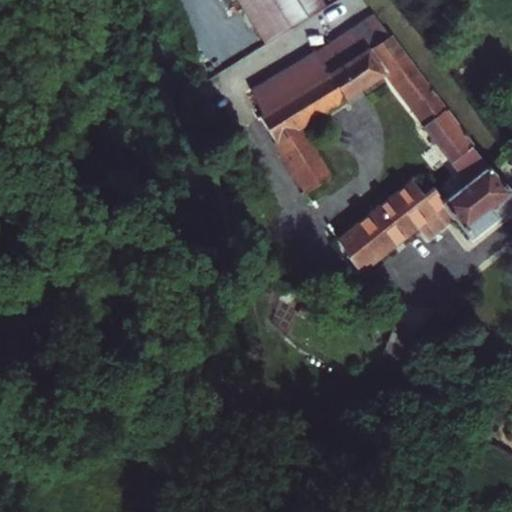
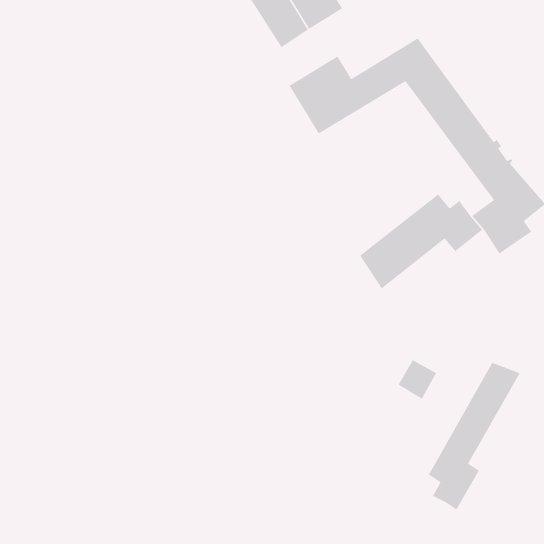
building: [318,15,393,73] -> none
building: [253,80,331,191] -> none
building: none -> [428,362,521,510]

